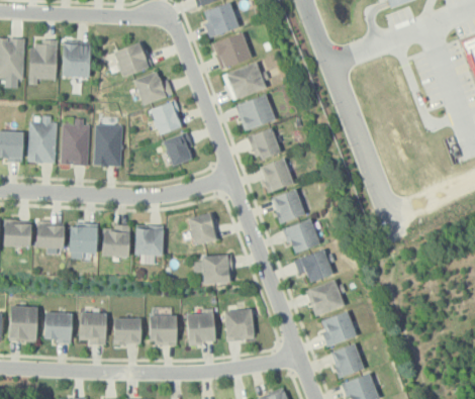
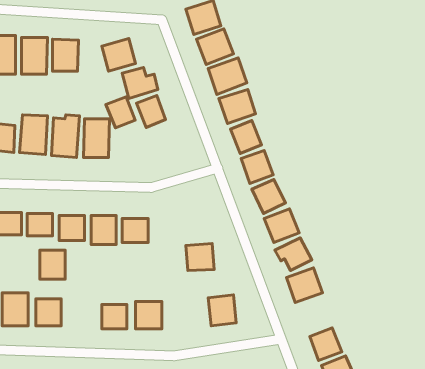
building: [163,133,193,166] -> [106,97,135,128]
building: [189,213,216,244] -> none
building: [319,311,357,346] -> none
building: [80,313,106,343] -> [40,250,65,279]
building: [188,314,214,342] -> none

